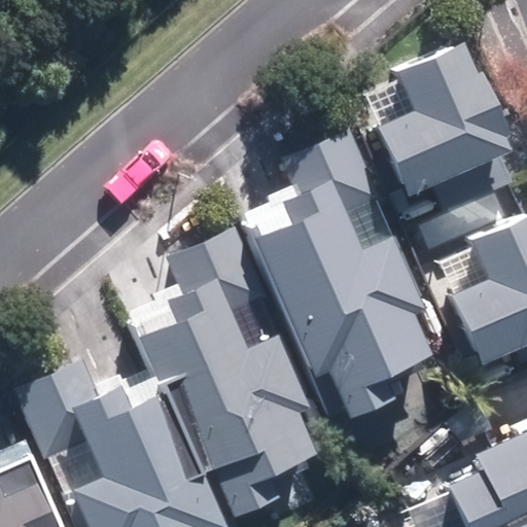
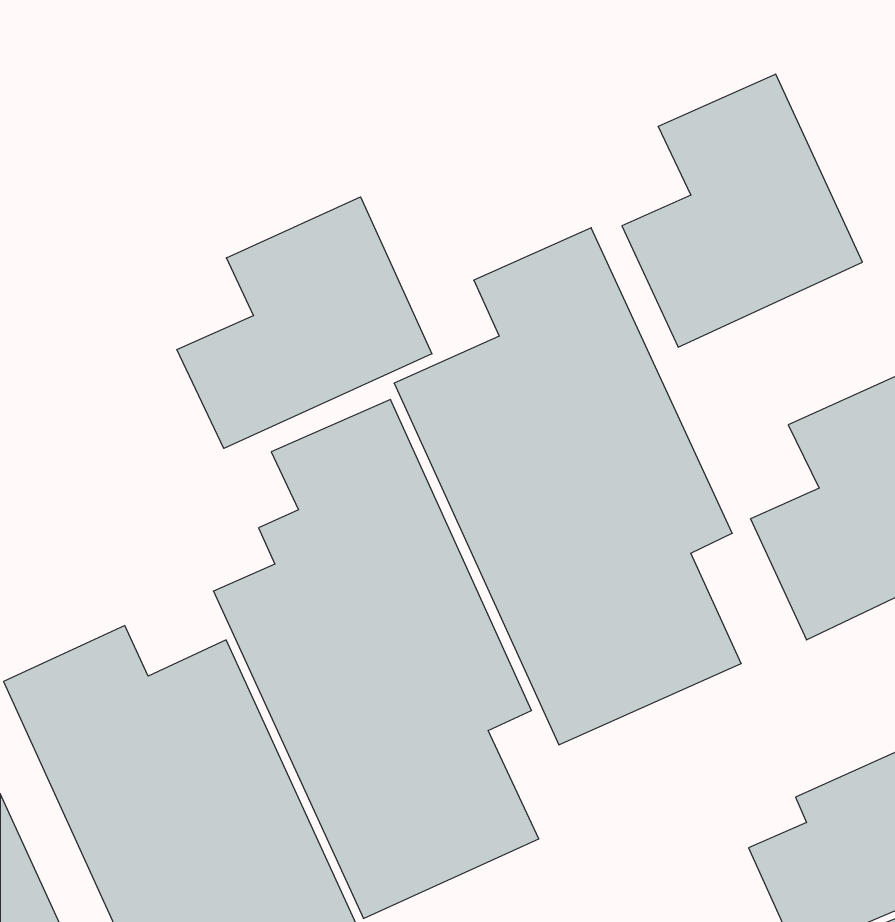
building: none -> [177,197,432,448]

